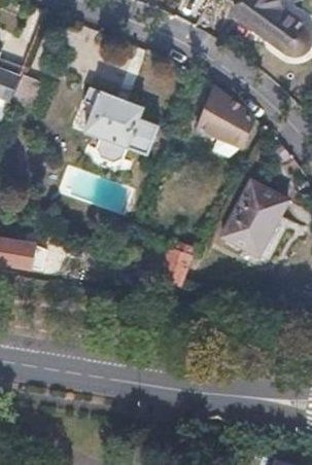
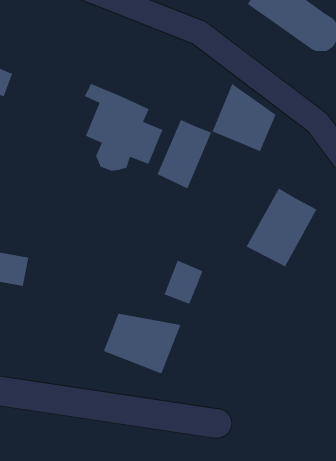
building: none -> [156,119,212,189]
building: none -> [103,313,182,375]

